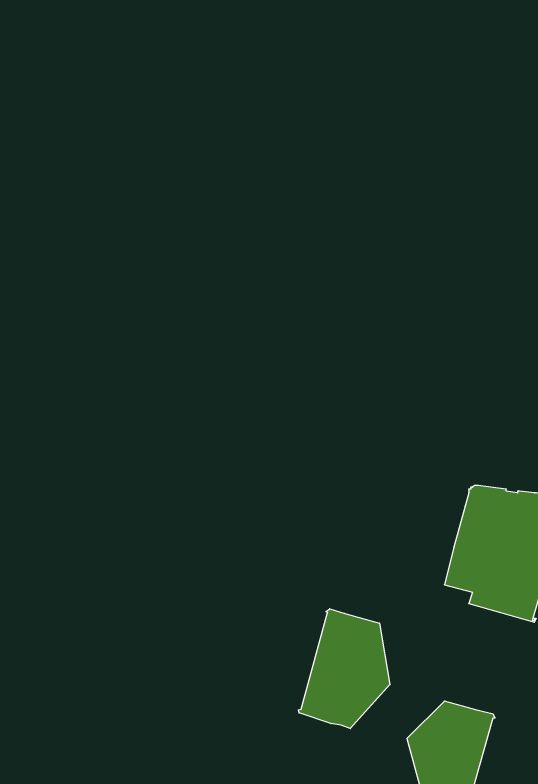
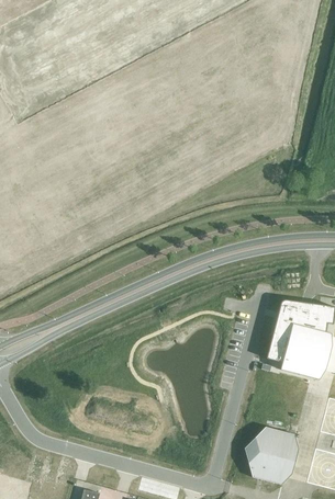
building: [298,609,390,729] -> none

